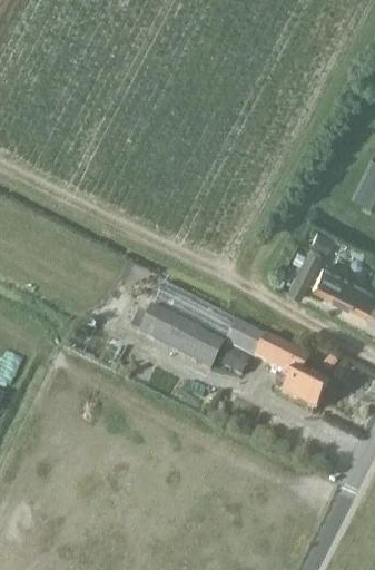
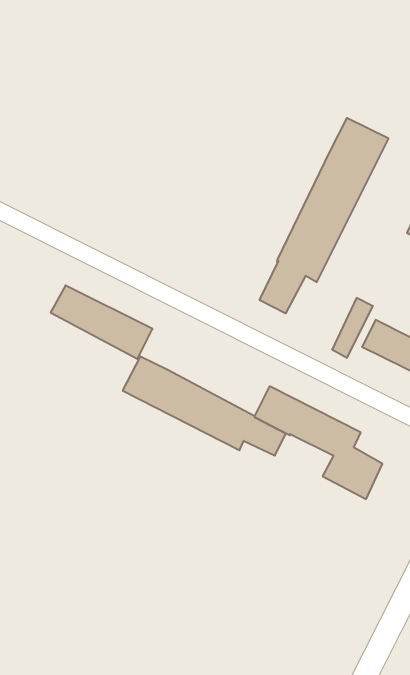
building: none -> [260,118,388,313]
building: [157,286,240,346] -> [51,285,153,359]

